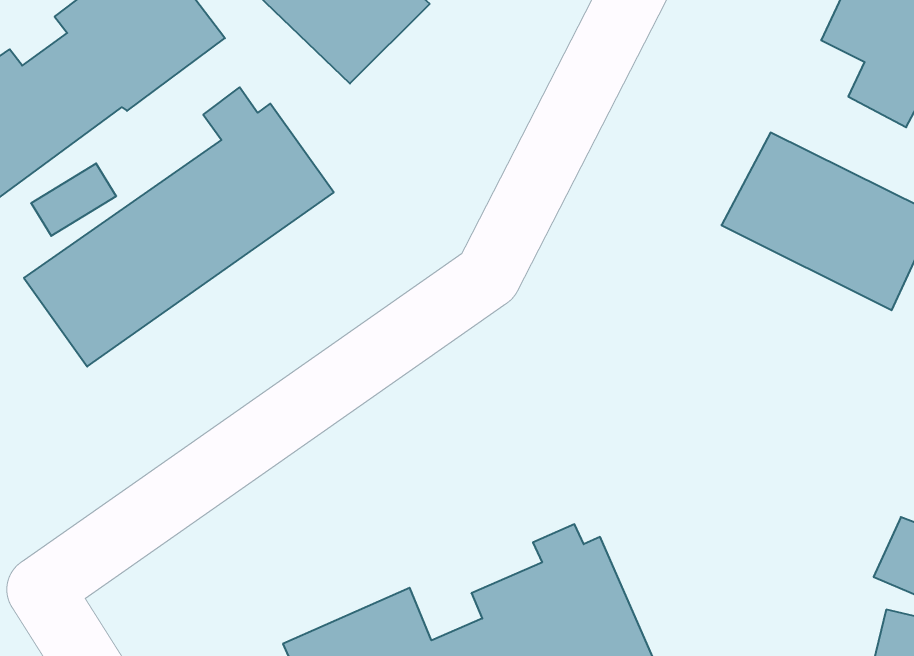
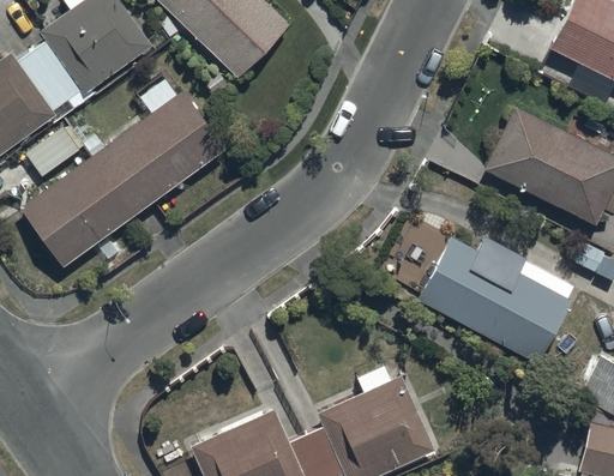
building: none -> [419,235,576,361]

